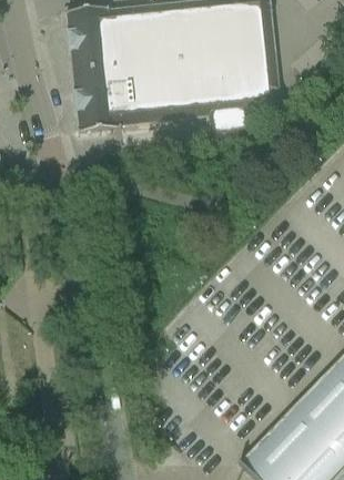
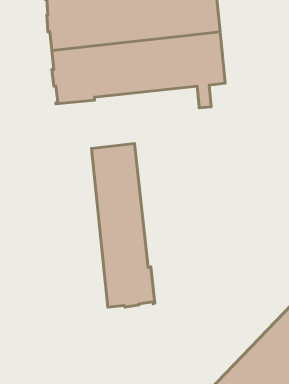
building: none -> [92,143,155,307]

